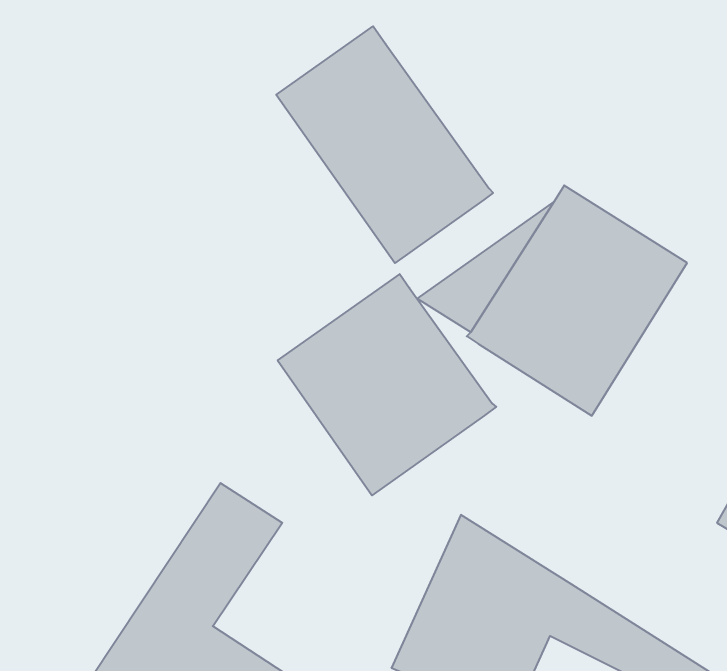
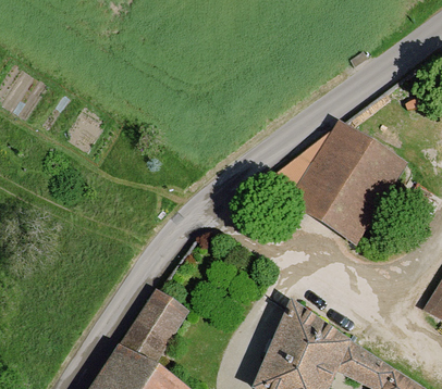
building: [276,26,493,263] -> none
building: [278,274,496,495] -> none

